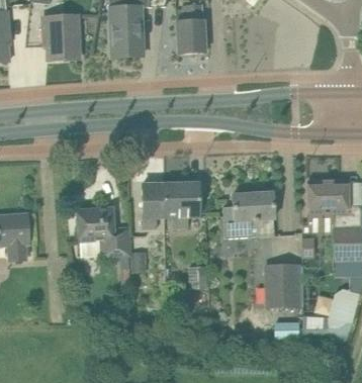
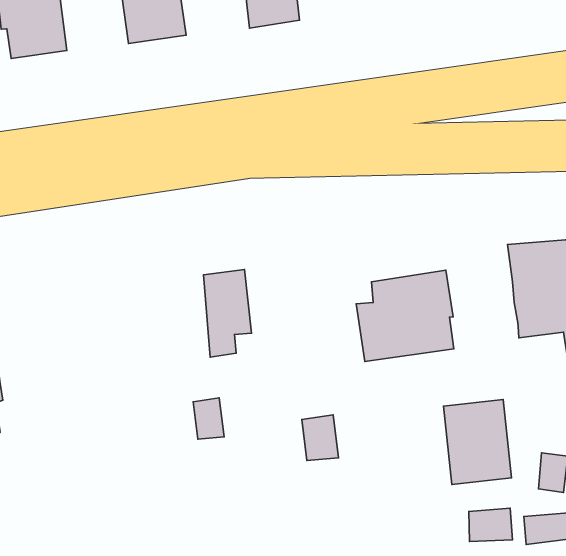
building: [165,182,199,226] -> none
building: [78,207,131,285] -> none

